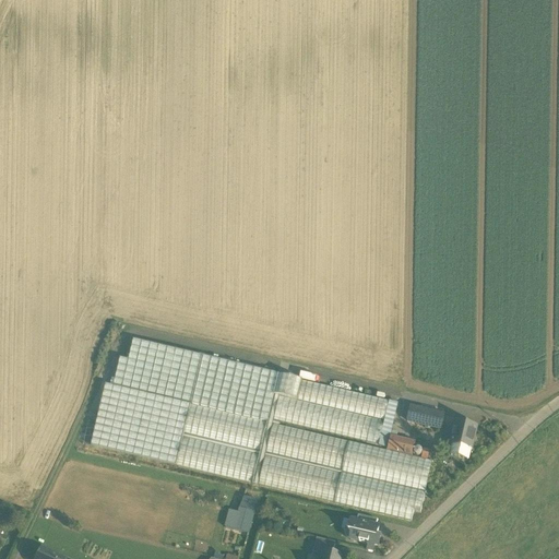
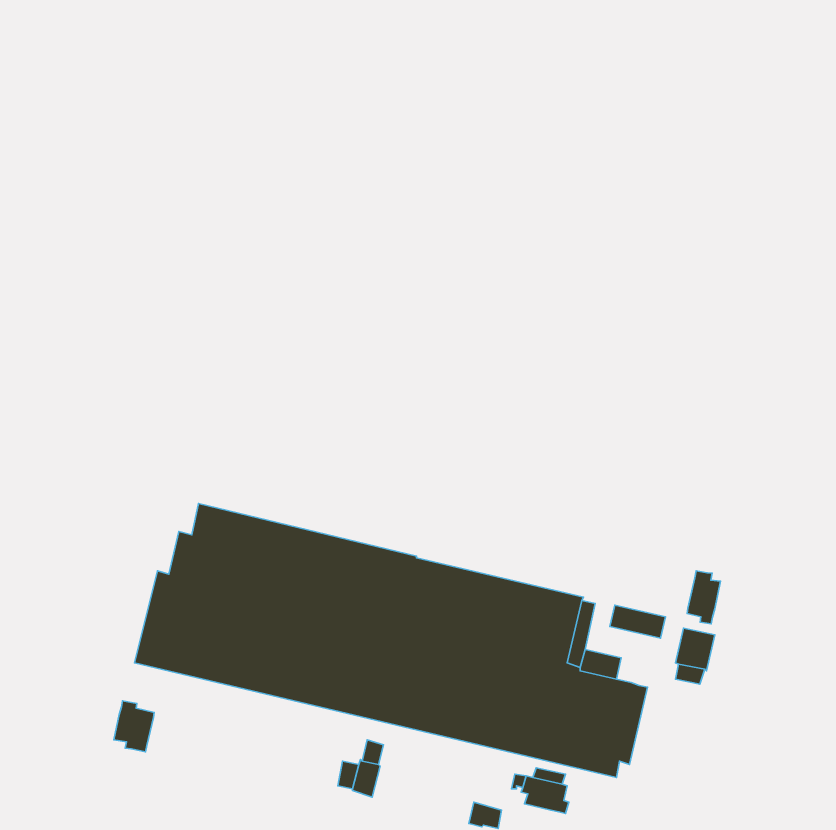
building: none -> [687,571,720,624]
building: none -> [114,701,154,752]

